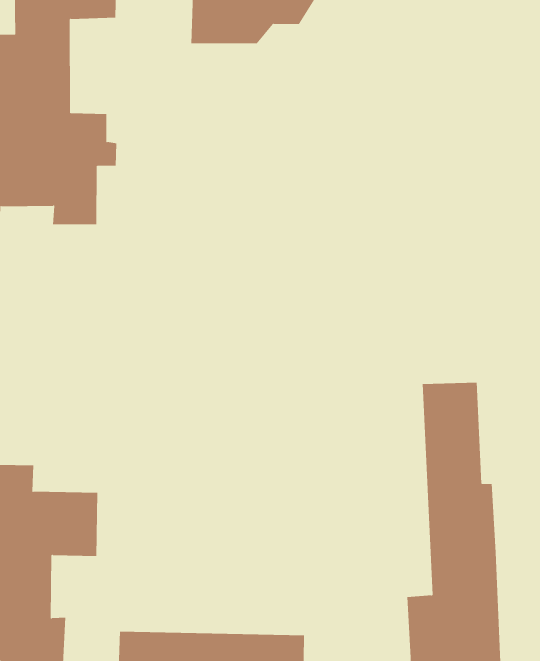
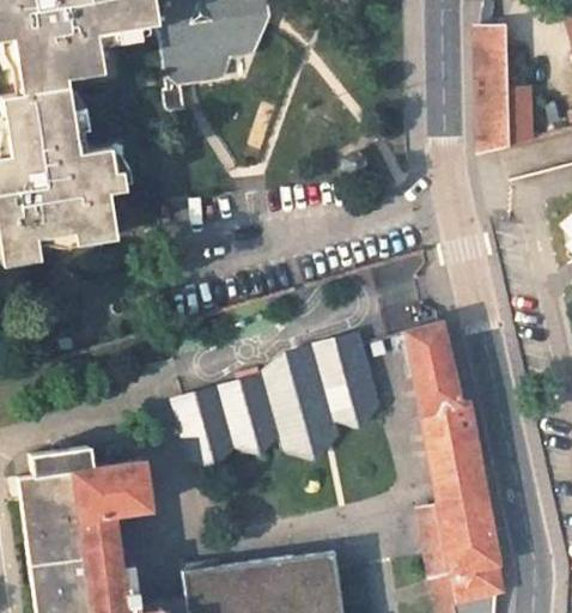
building: none -> [170,330,383,468]

